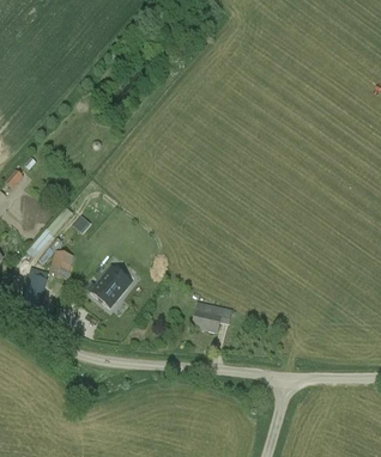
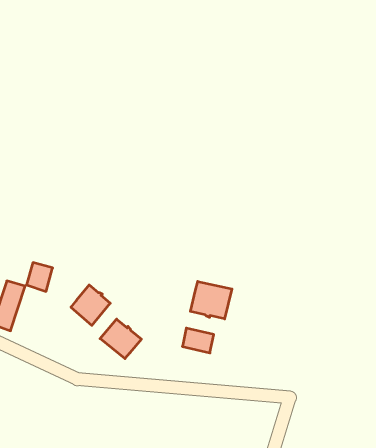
building: none -> [190,281,232,319]
building: none -> [100,319,141,359]

